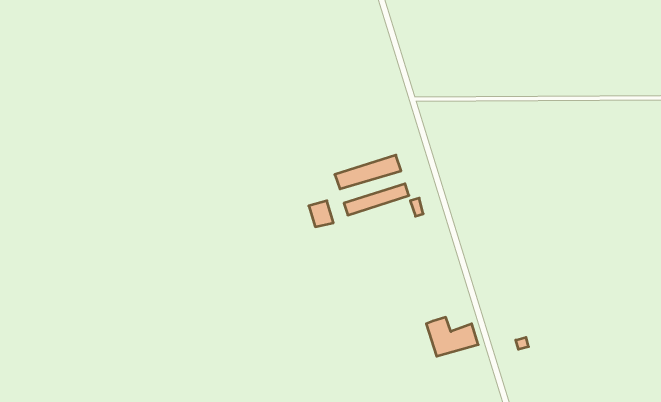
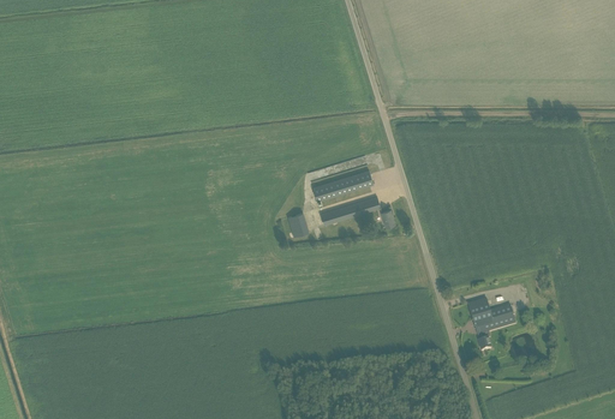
building: [426,317,478,356] -> [466,297,514,333]

